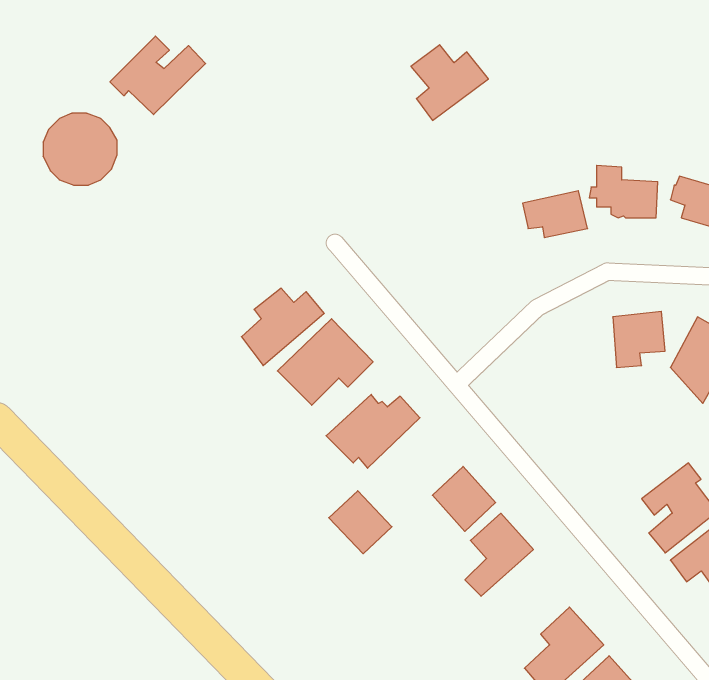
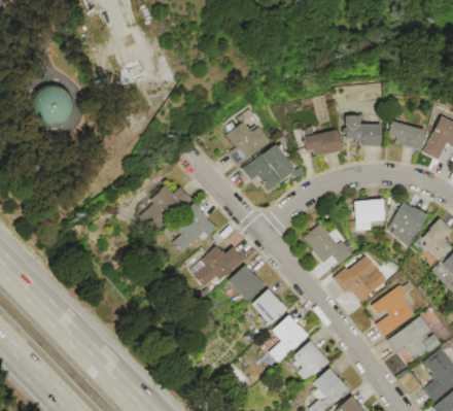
building: [110,36,206,115] -> none
building: [411,45,488,120] -> [225,123,270,166]
building: none -> [243,145,292,191]
building: none -> [304,225,353,265]
building: none -> [333,255,385,302]
building: [329,491,392,554] -> [229,265,265,301]
building: none -> [292,340,329,381]

